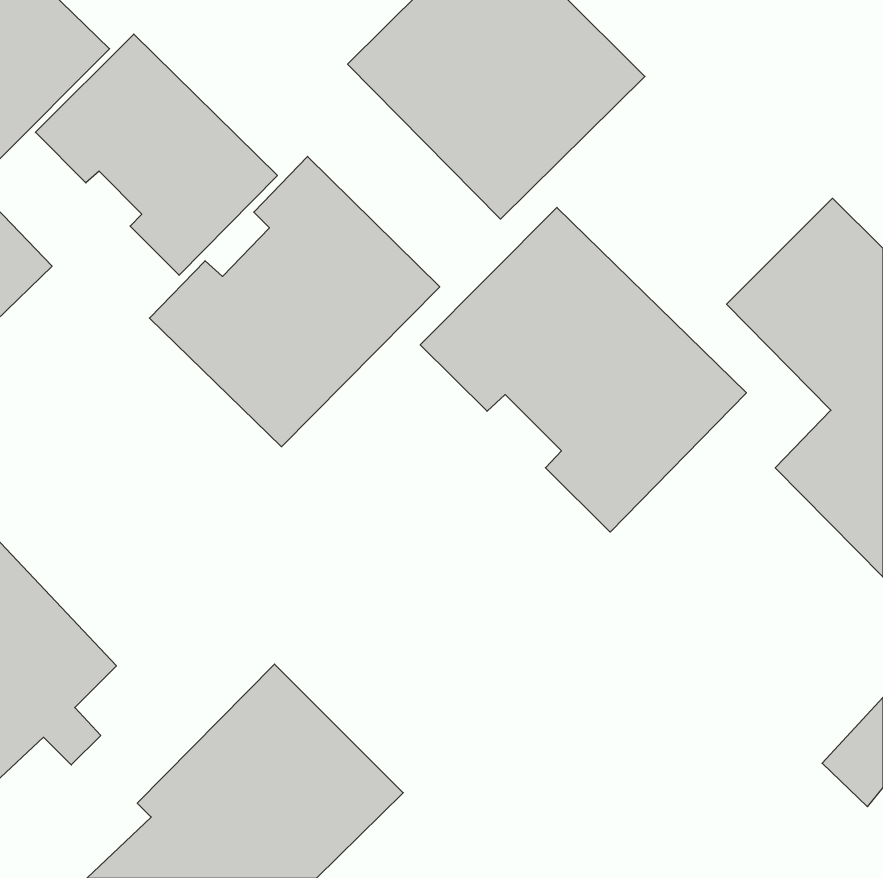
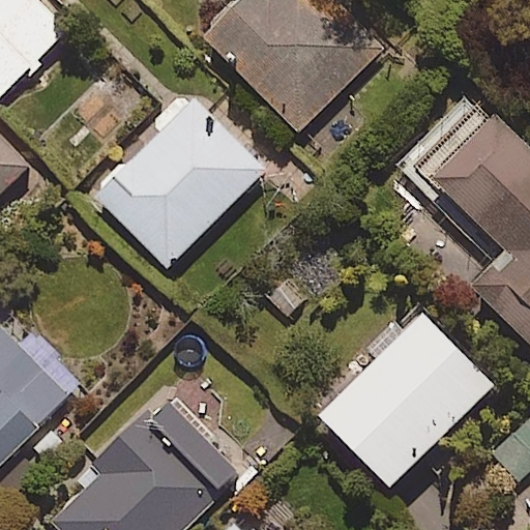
building: [35,34,277,275] -> none
building: [420,207,746,532] -> none
building: none -> [321,315,494,489]

